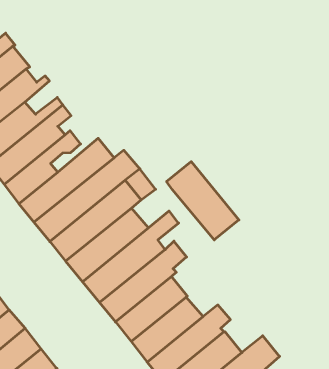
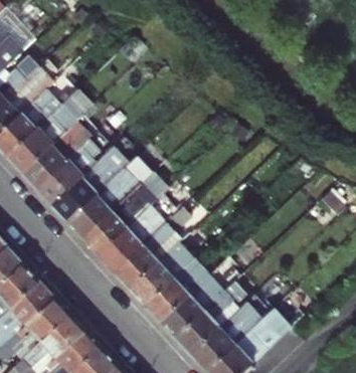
building: [167,162,239,240] -> none

